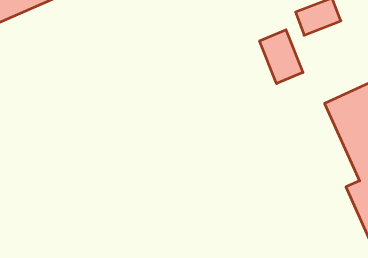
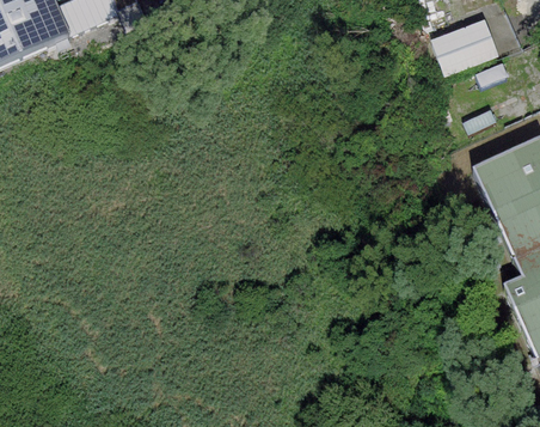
building: [260,30,303,84] -> none

